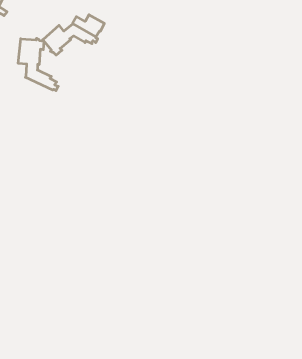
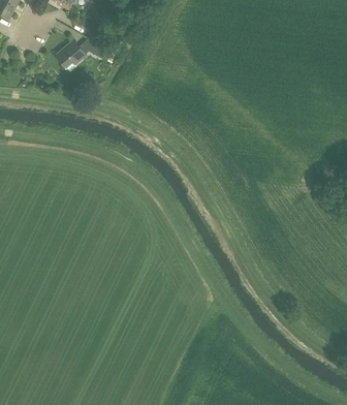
building: [18,38,58,91] -> none

